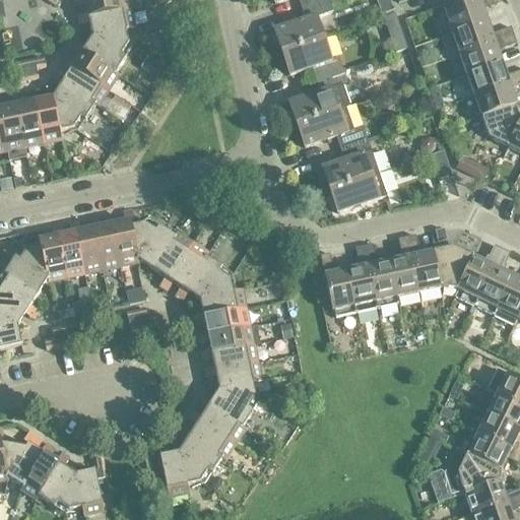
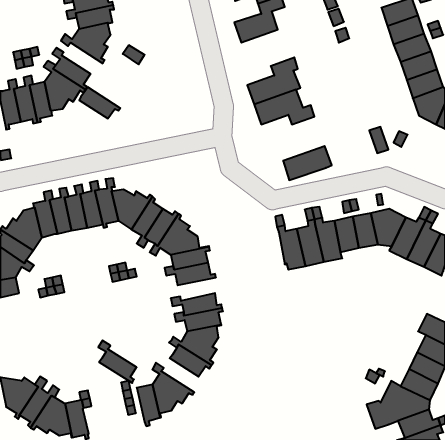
building: [281,35,343,77] -> none
building: [72,50,120,86] -> [79,87,120,118]
building: [322,136,379,188] -> none
building: [196,324,252,351] -> none
building: [187,408,232,458] -> [98,340,137,383]

